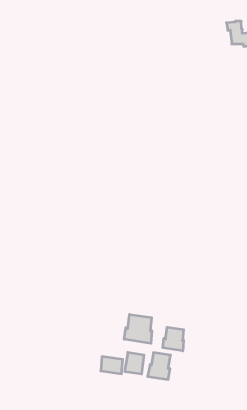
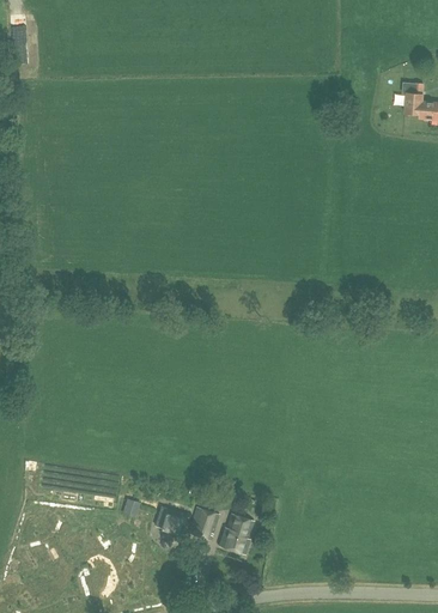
building: [124,314,152,343] -> none
building: [163,327,184,351] -> none

